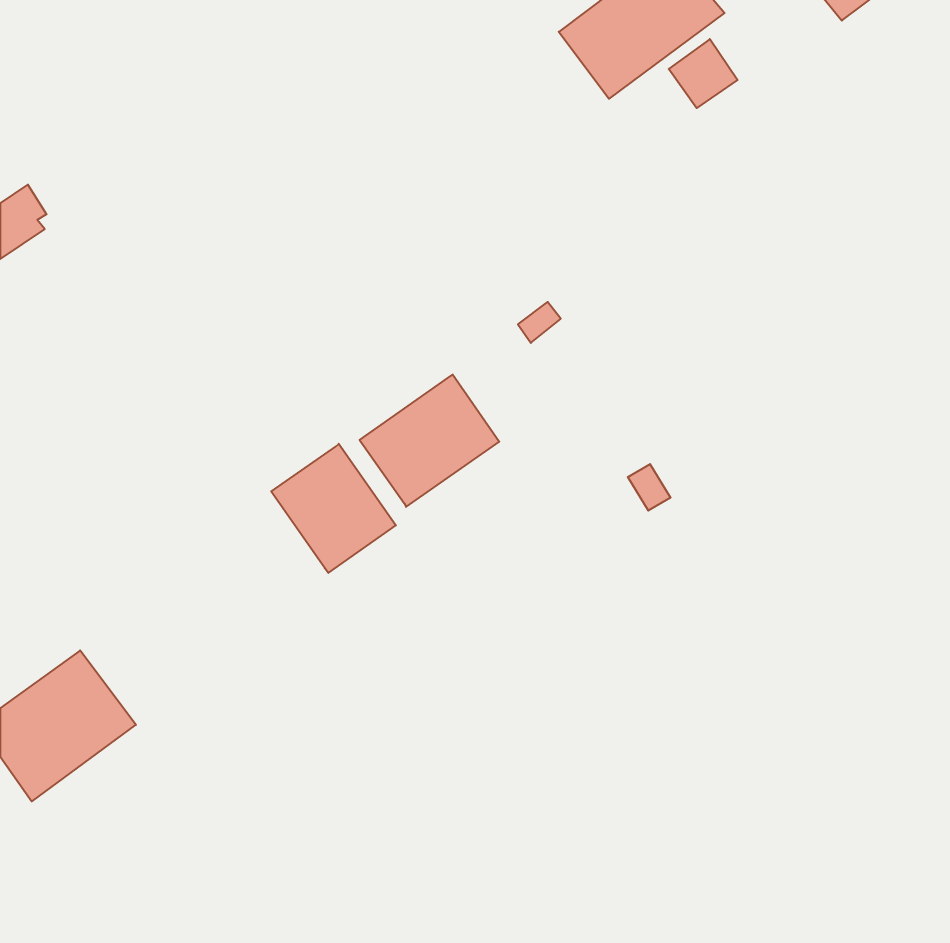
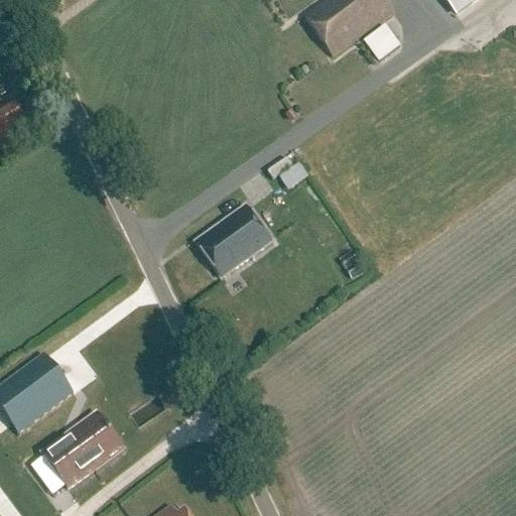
building: [271,444,396,573] -> none
building: none -> [41,411,124,488]

